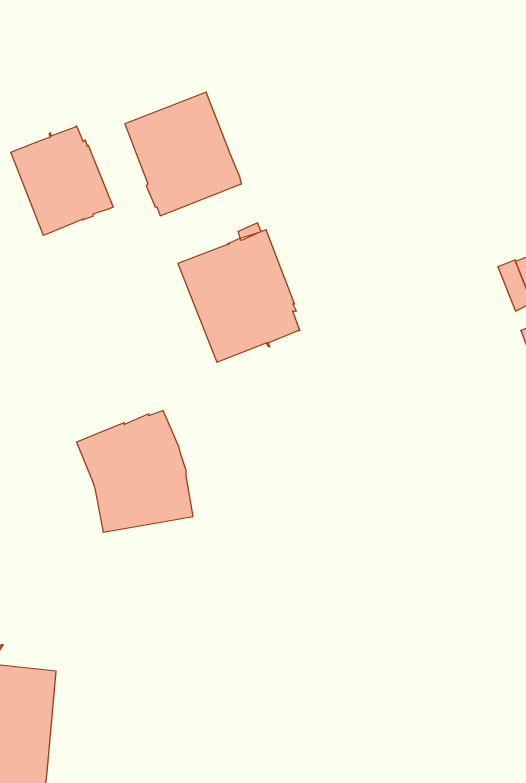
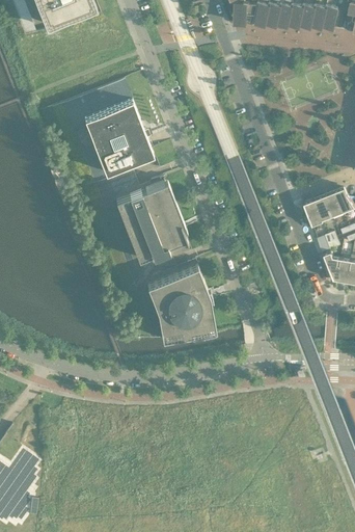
building: [11,126,113,235] -> none
building: [77,410,193,532] -> [148,264,217,336]

